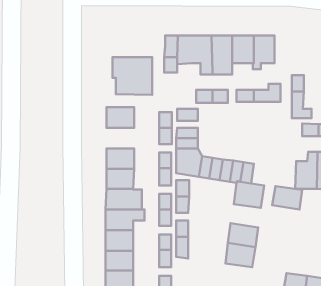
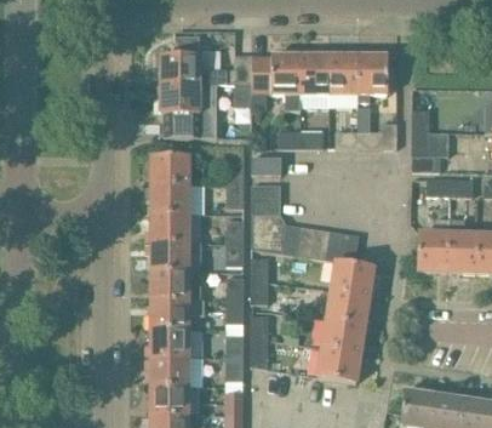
building: none -> [160,36,227,85]
building: none -> [151,184,190,213]
building: [272,186,302,209] -> [326,292,368,325]

